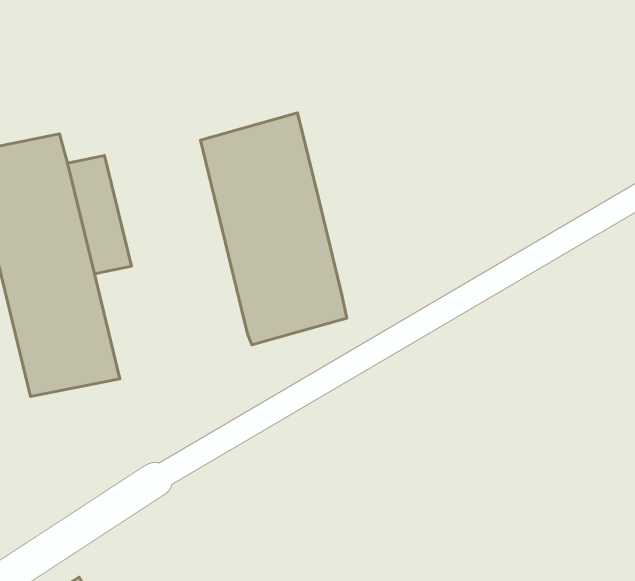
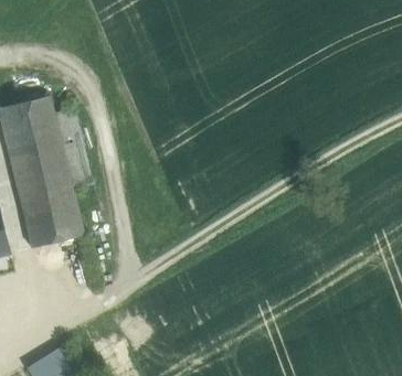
building: [200,113,347,345] -> none

